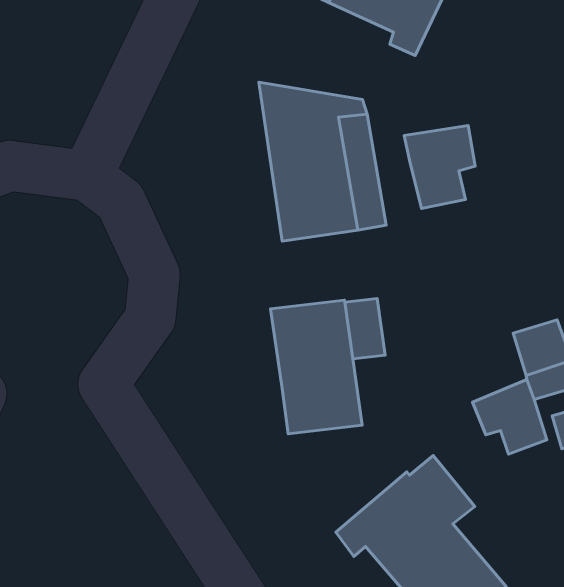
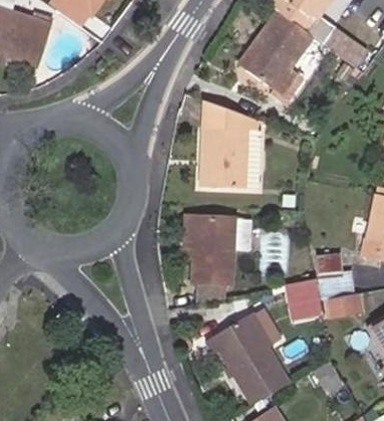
building: [404,125,475,209] -> none

